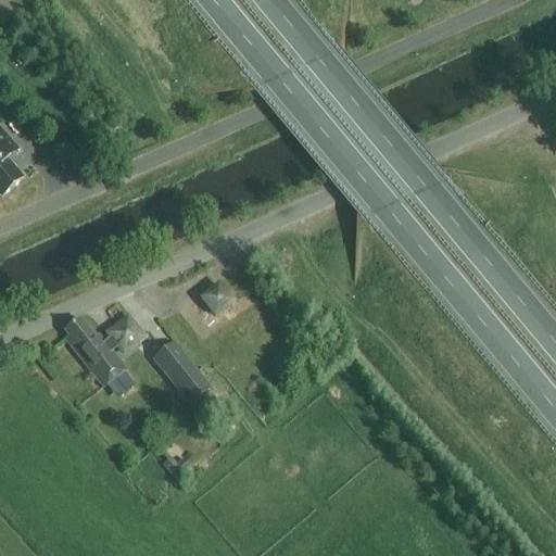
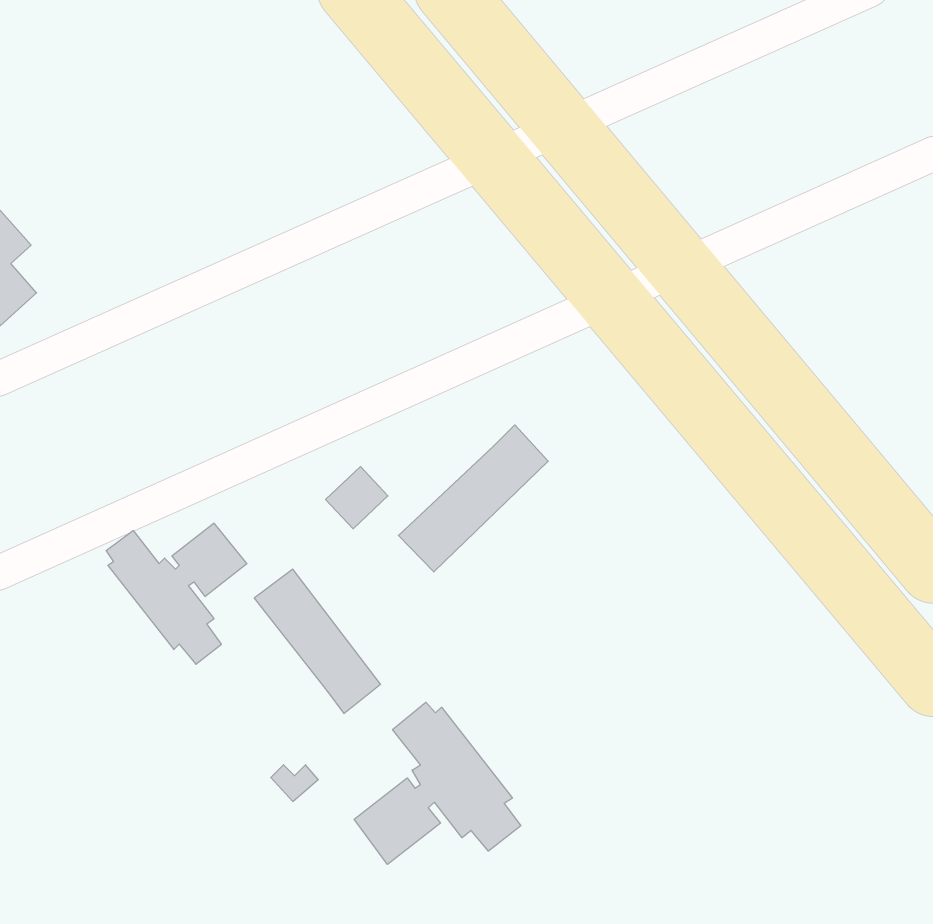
building: none -> [398,425,548,572]
building: none -> [354,702,521,864]

